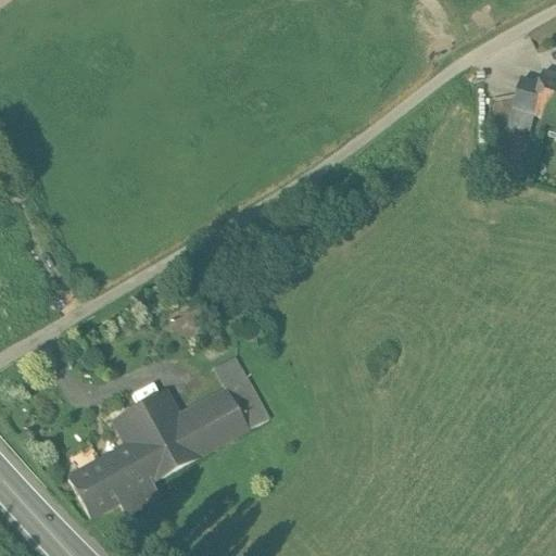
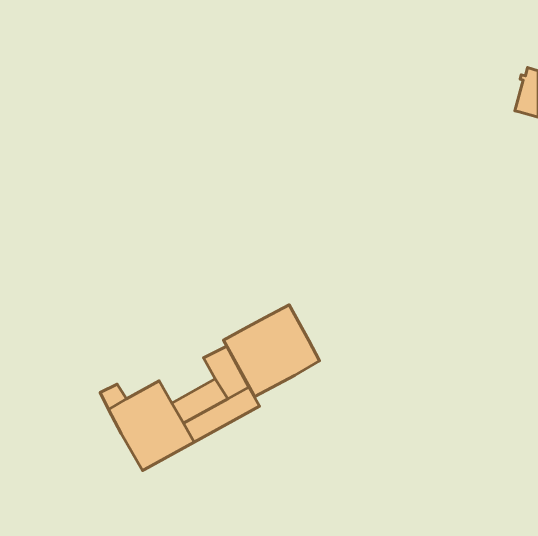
building: [508,77,539,131] -> none
building: none -> [224,305,319,397]
building: [67,446,155,517] -> none

